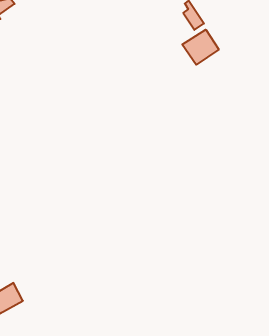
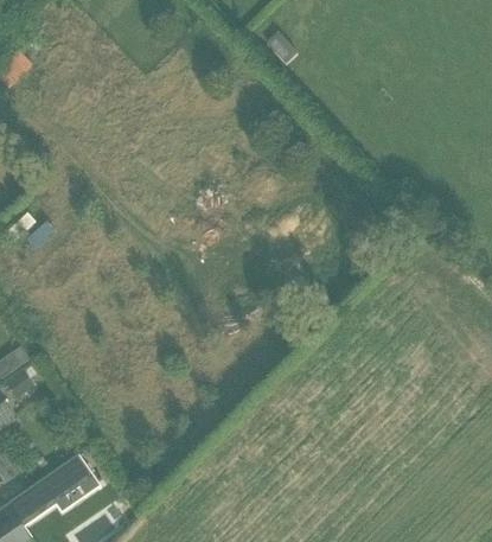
building: [182,30,219,65] -> none

